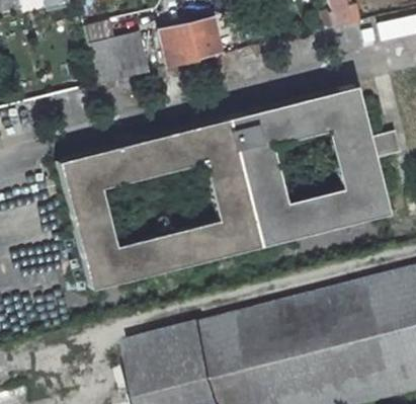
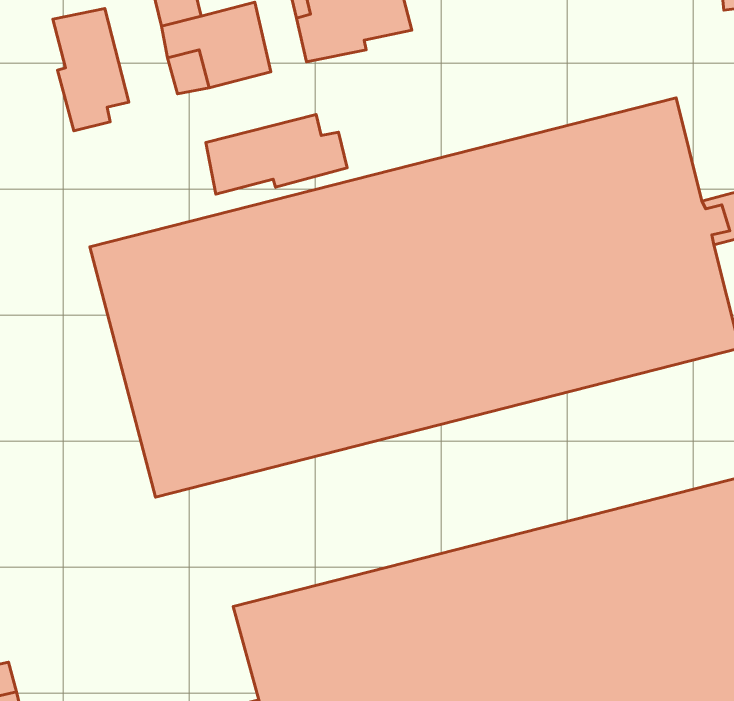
building: none -> [53,8,129,131]
building: none -> [206,114,347,194]

